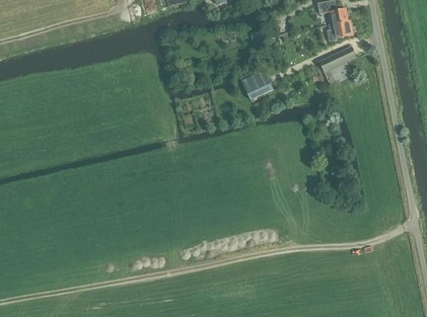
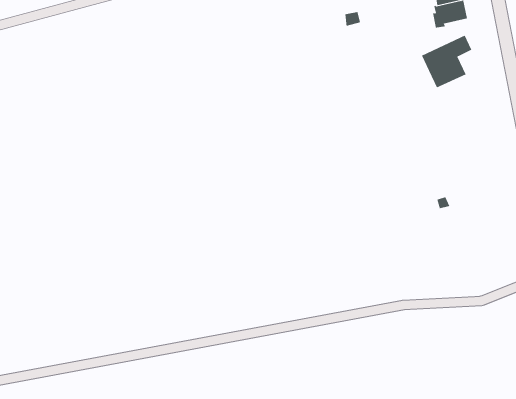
building: [240,69,273,99] -> none

